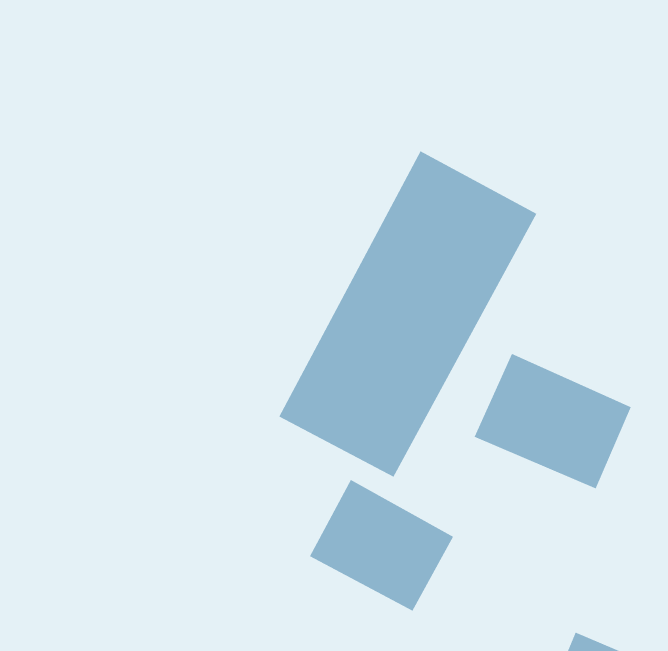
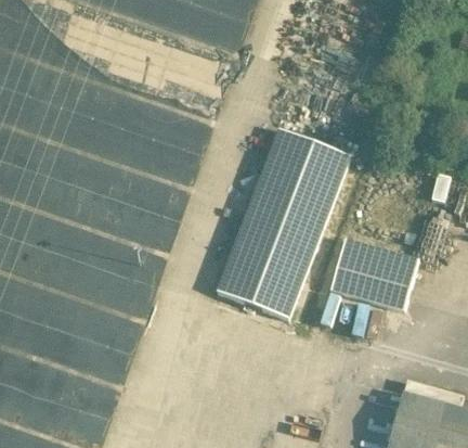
building: [309,479,454,612] -> none

